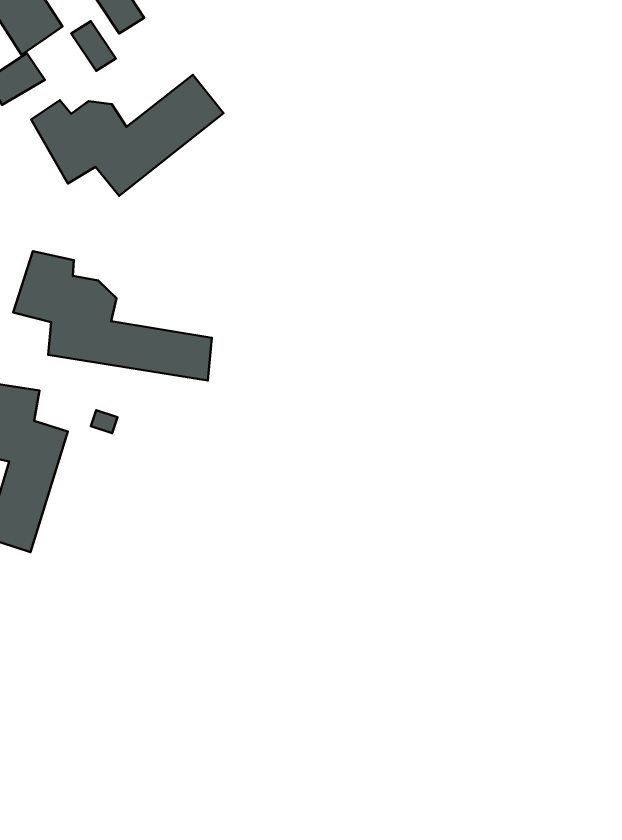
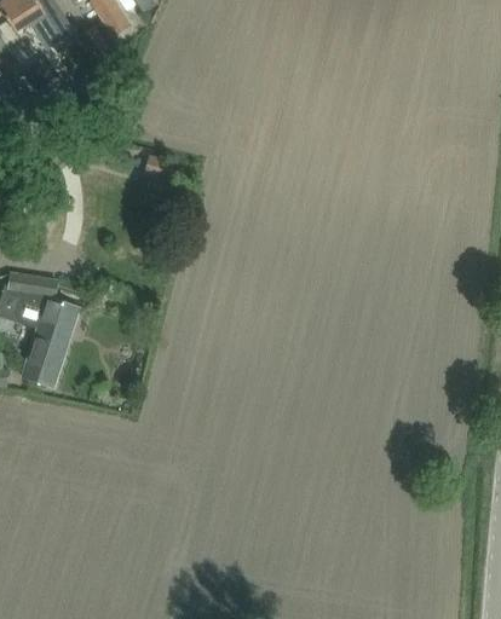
building: [31,75,224,196] -> none
building: [13,251,212,381] -> none

